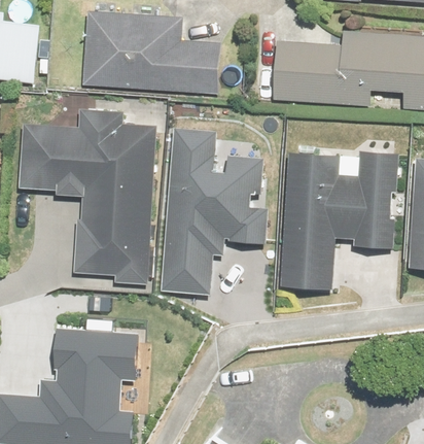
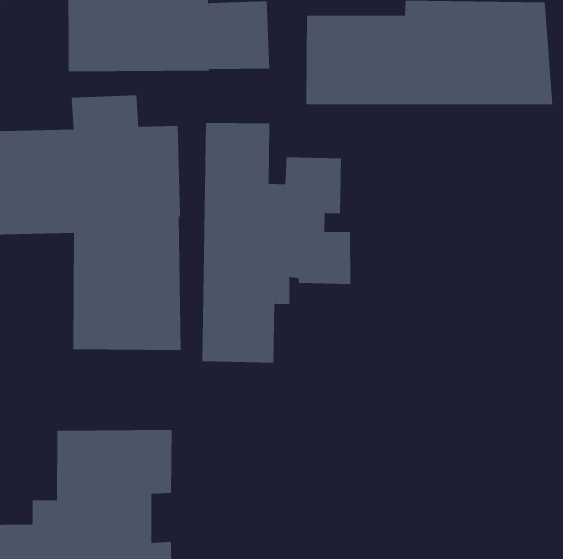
building: [281,148,399,286] -> none

